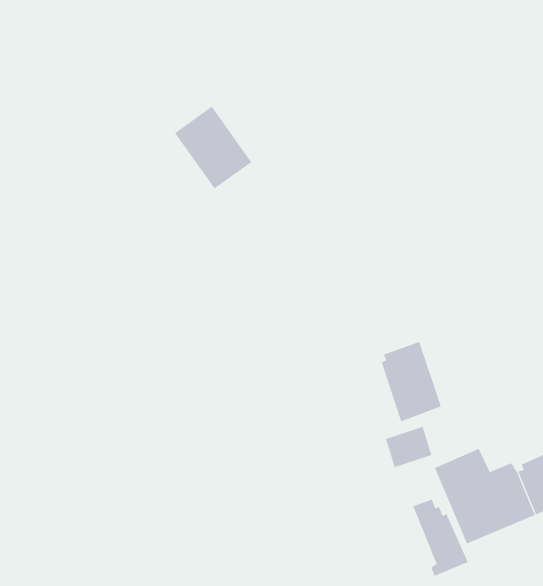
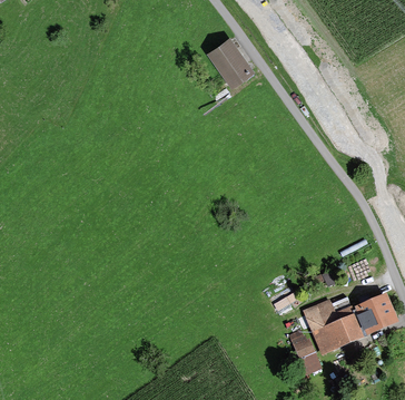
building: [174,106,252,189] -> [206,37,254,88]
building: [381,341,441,422] -> none

